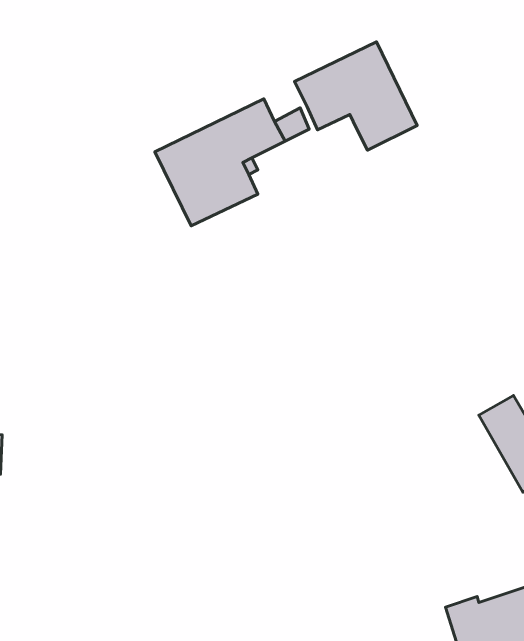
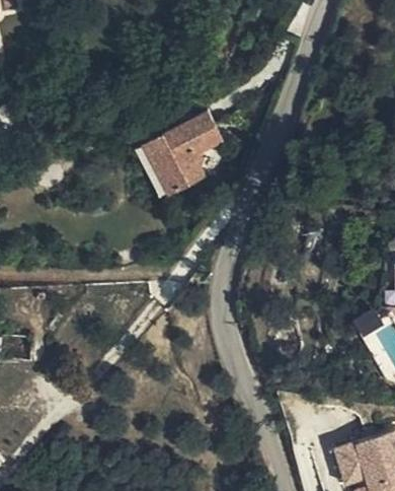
building: [295,42,417,150] -> none

